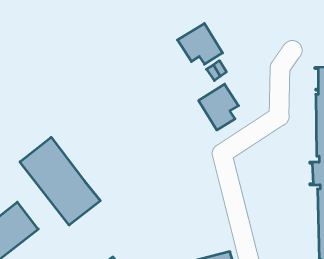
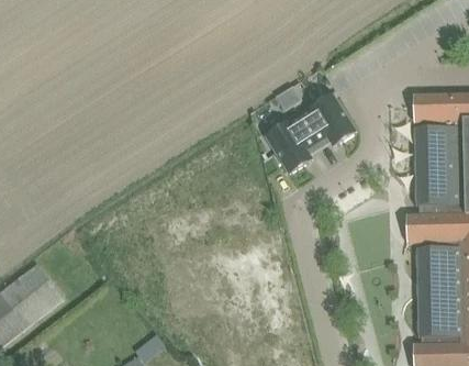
building: [177,23,223,64] -> [299,95,356,146]
building: [20,137,100,225] -> none

